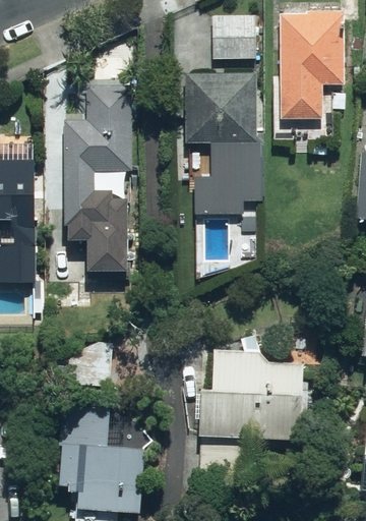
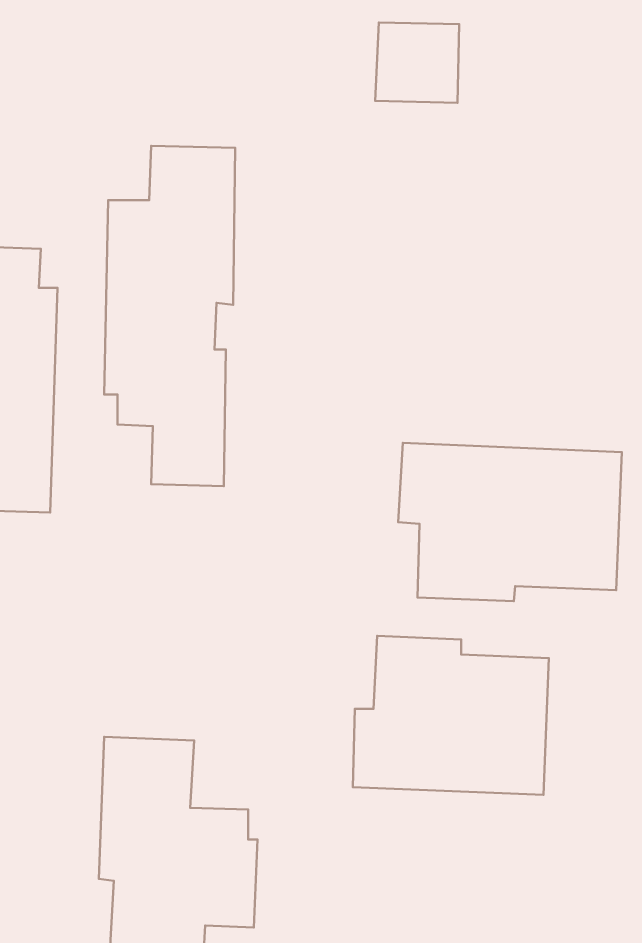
building: [280,12,347,138] -> none
building: [185,73,262,228] -> none
building: none -> [398,443,622,601]

